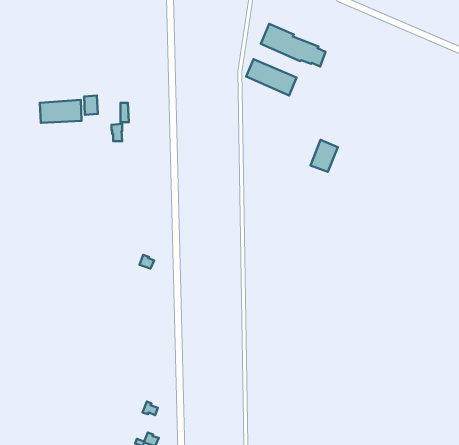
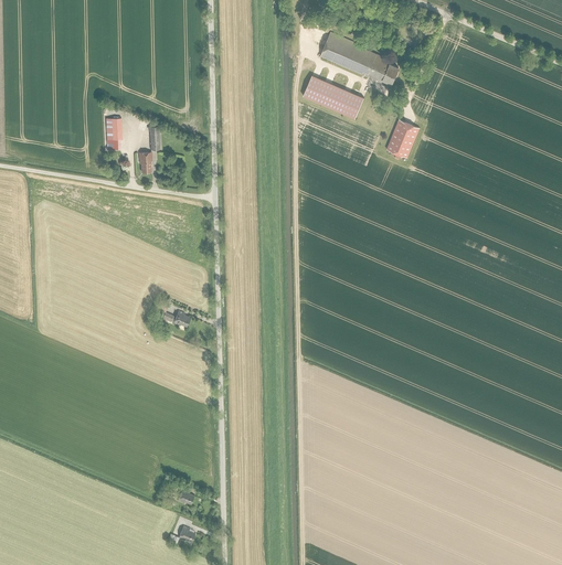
building: [40,100,82,123] -> none
building: [311,140,338,172] -> [386,119,420,158]

